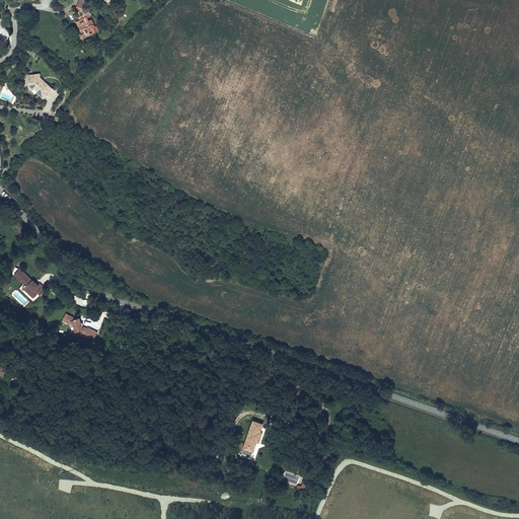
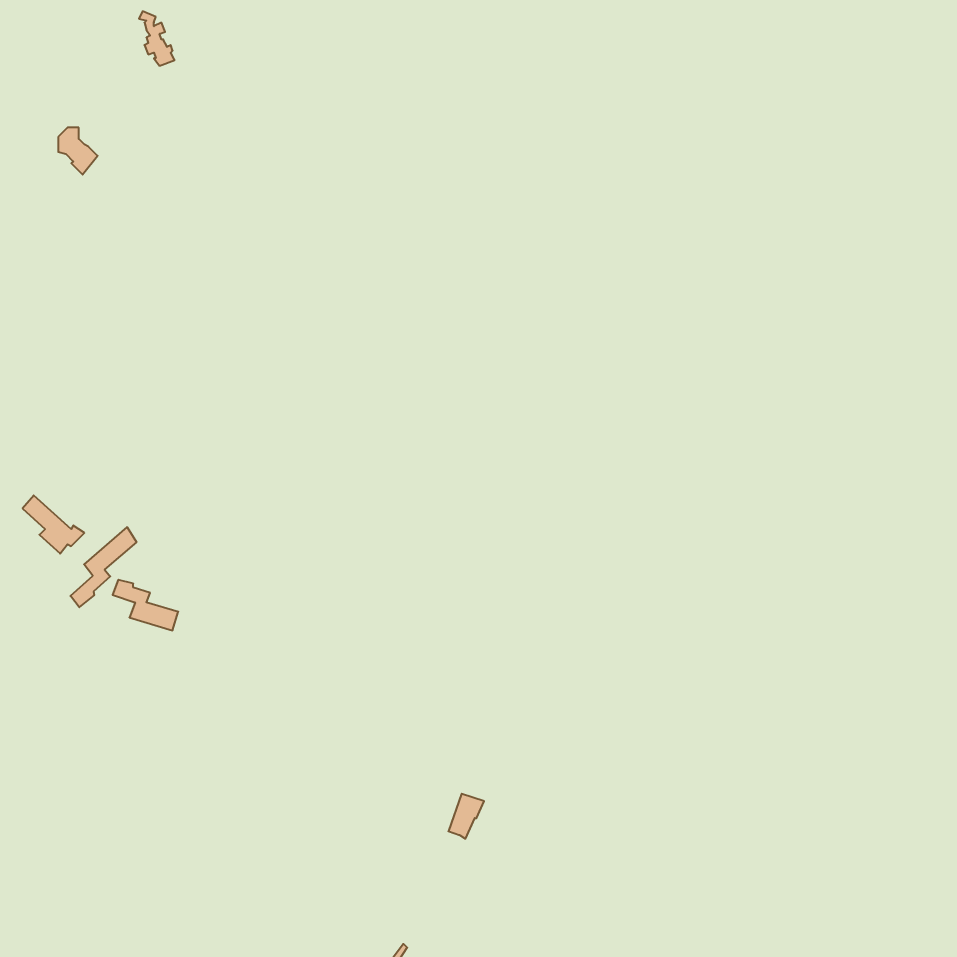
building: none -> [70,527,136,607]

